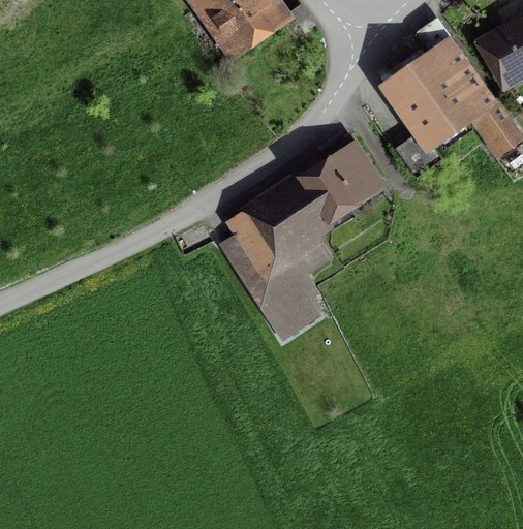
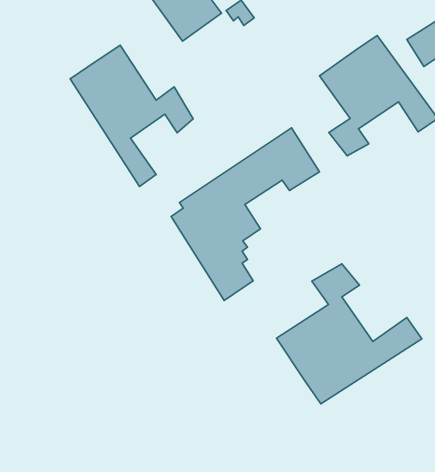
building: none -> [70,45,193,186]
building: none -> [277,264,422,404]

